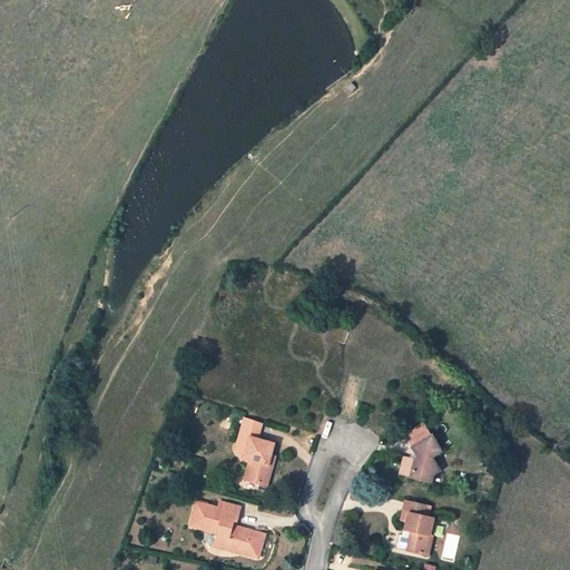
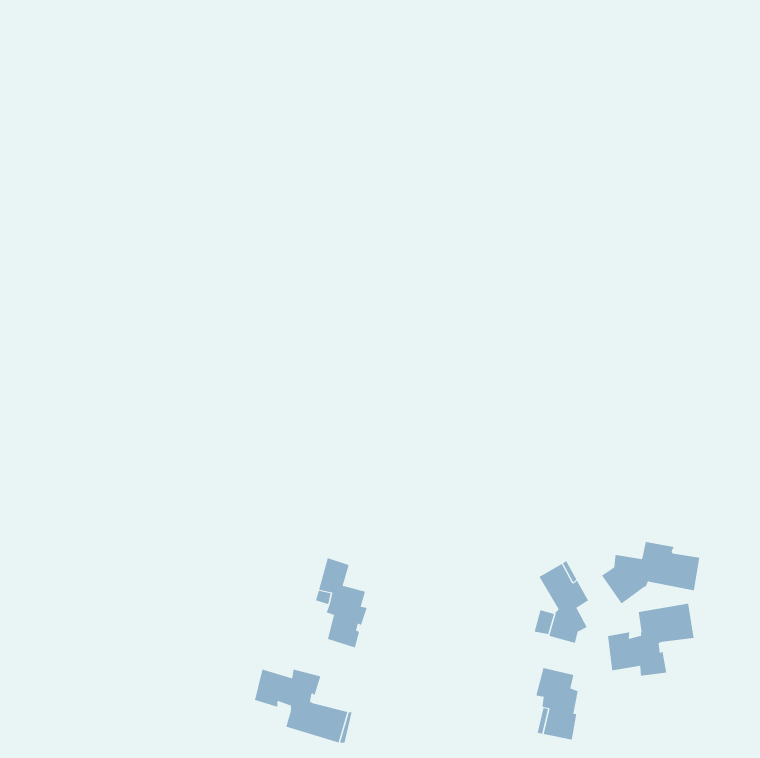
building: none -> [601,541,700,604]
building: none -> [607,603,694,677]

